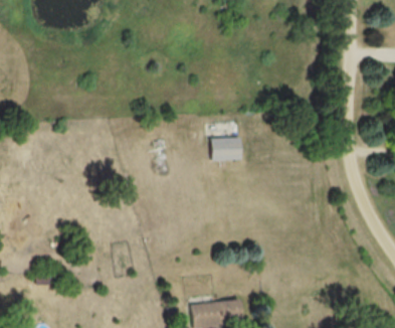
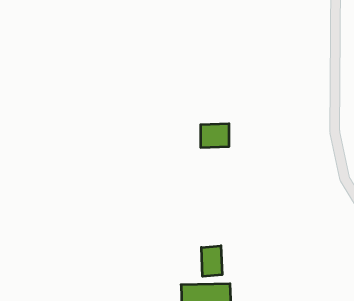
building: none -> [201,246,222,276]

